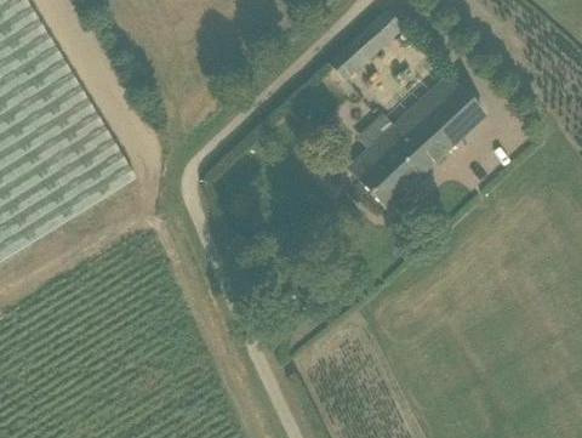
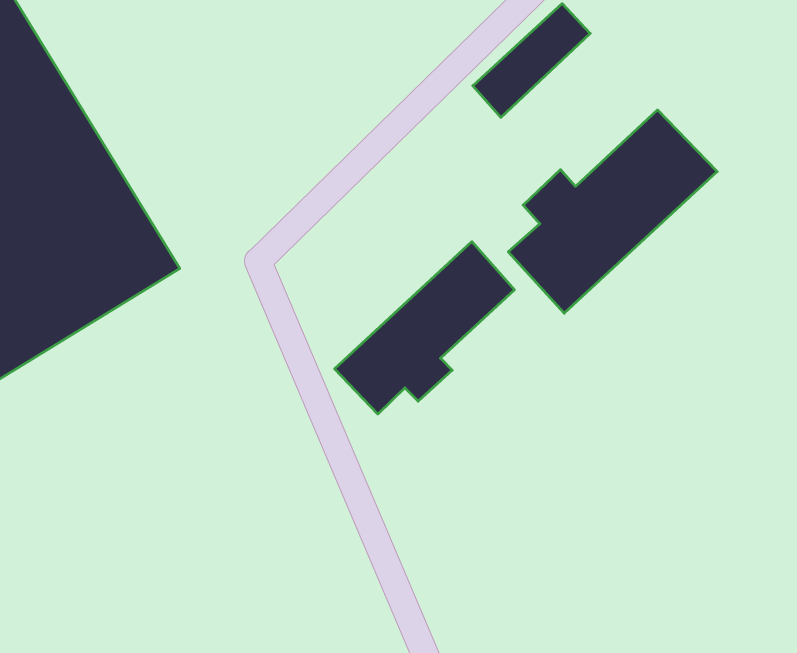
building: none -> [335,242,514,414]

